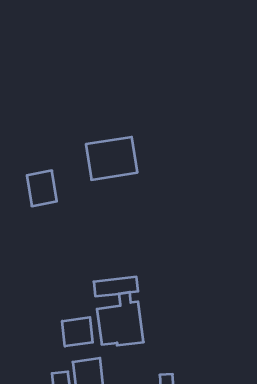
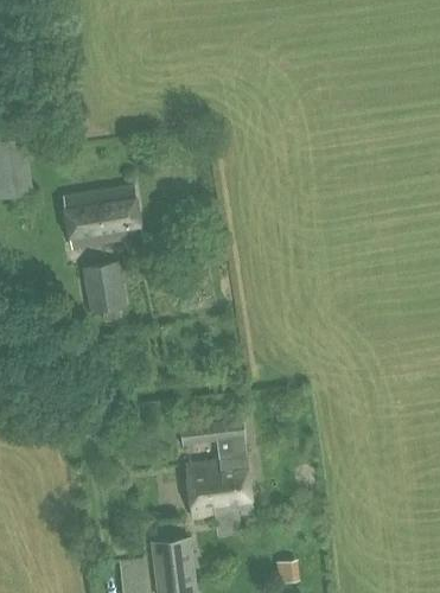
building: [86,137,137,180] -> [64,185,140,248]
building: [62,317,93,346] -> none

